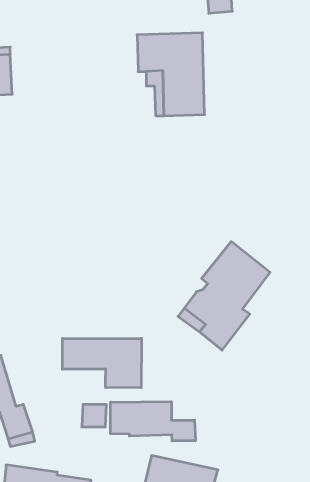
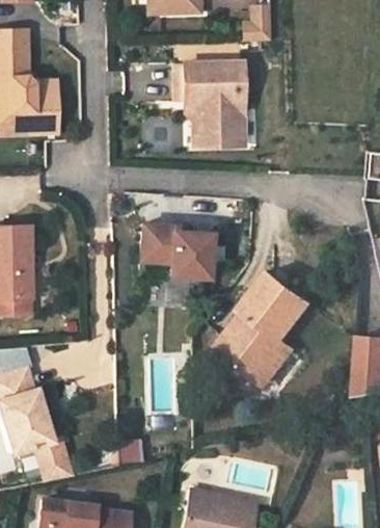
building: none -> [142,223,213,275]
building: [62,338,142,388] -> none
building: [111,402,195,441] -> none

